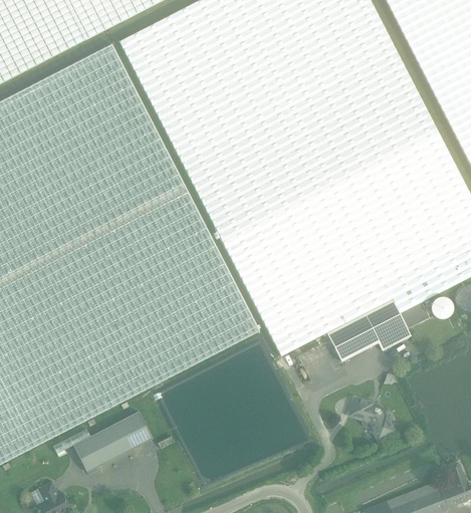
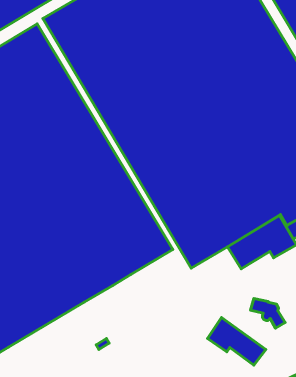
building: [53,411,153,472] -> none
building: none -> [207,318,266,365]

